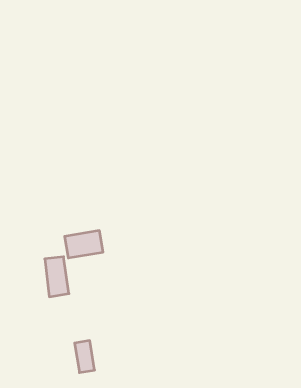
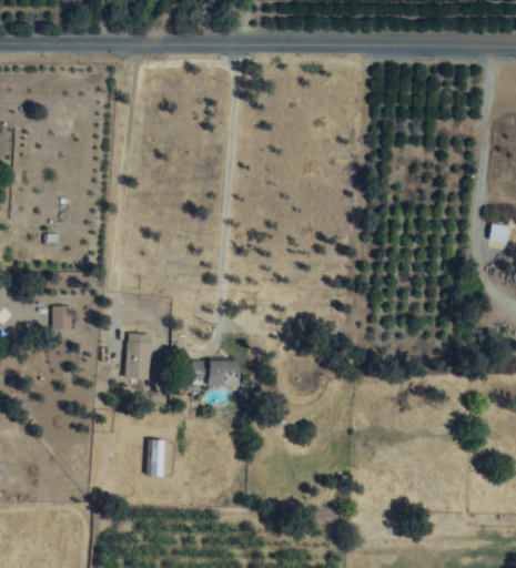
building: [65,231,103,258] -> [196,358,240,385]

